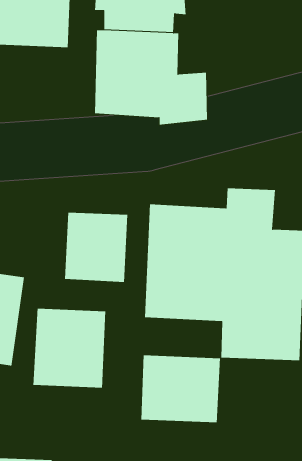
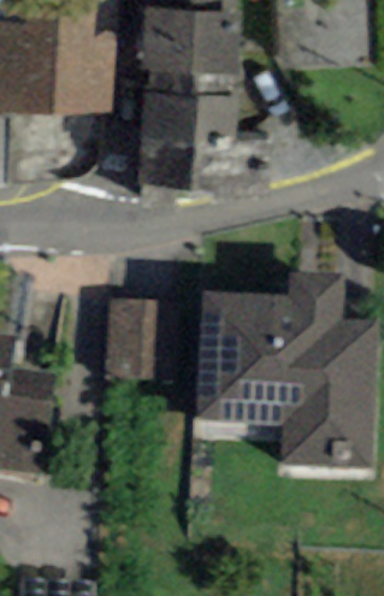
building: [33,308,106,389] -> none
building: [141,355,221,423] -> none

